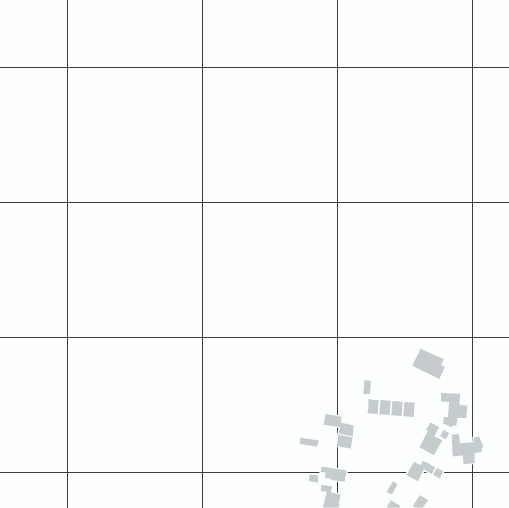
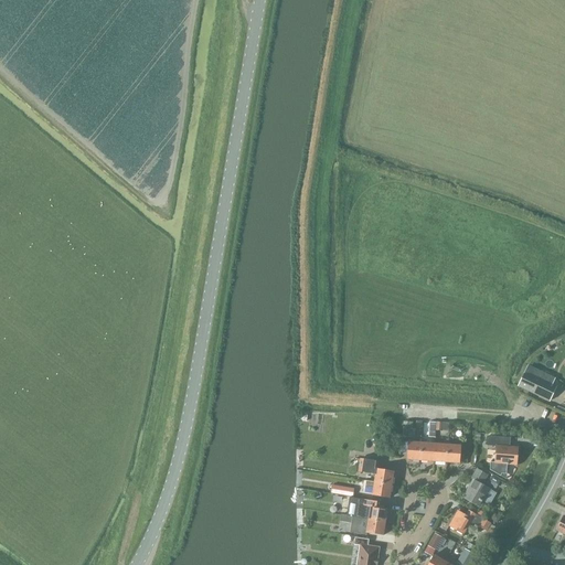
building: [411,348,446,380] -> [518,365,556,401]
building: [451,434,484,465] -> none
building: none -> [355,498,387,521]

